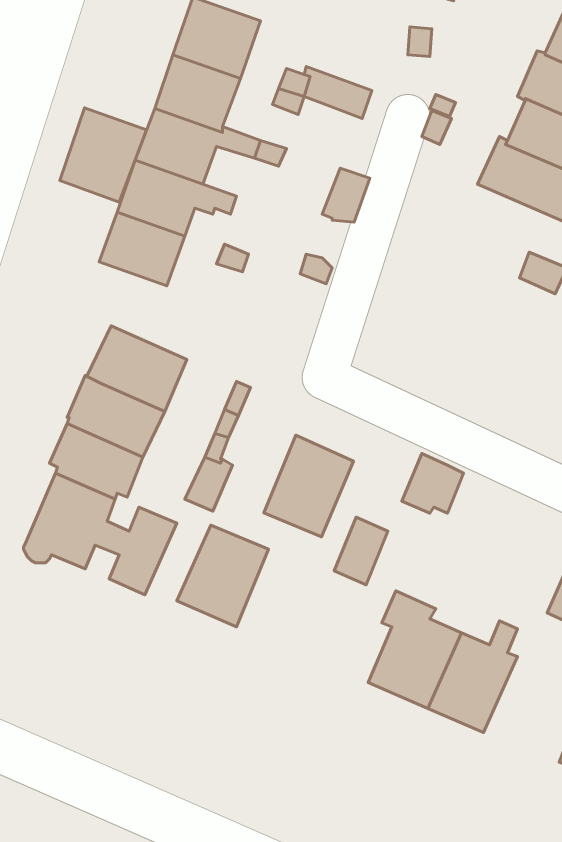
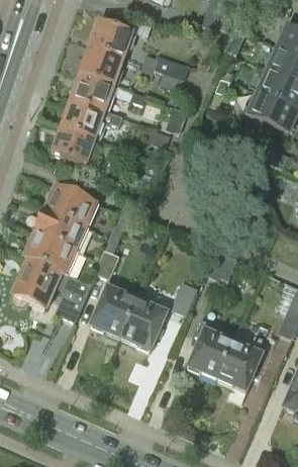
building: [60,108,147,202] -> none
building: [264,435,353,537] -> [121,298,167,350]

